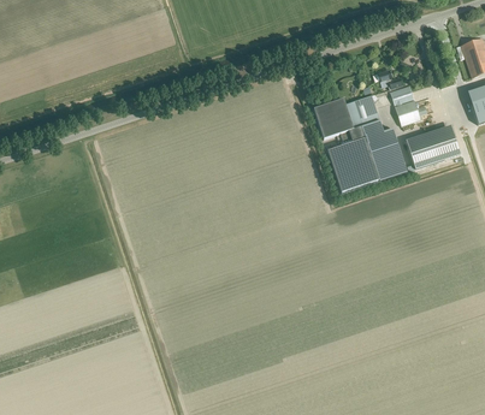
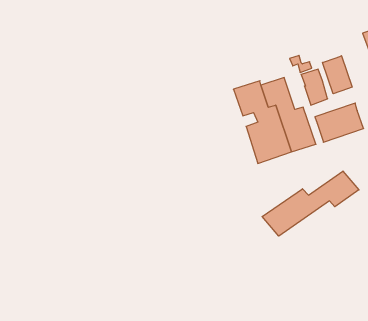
building: none -> [323,56,352,94]
building: none -> [262,171,359,236]

